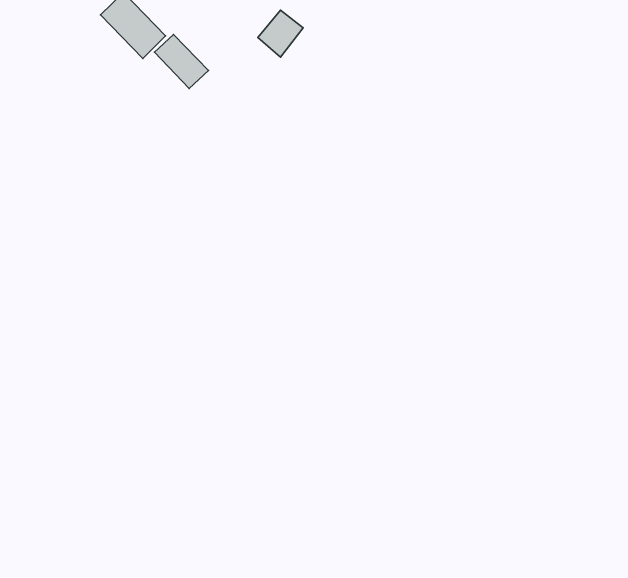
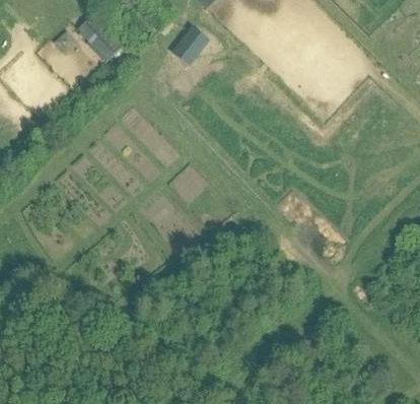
building: [154,34,208,88] -> none

